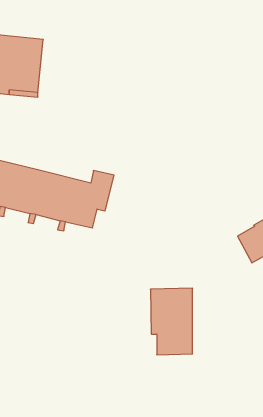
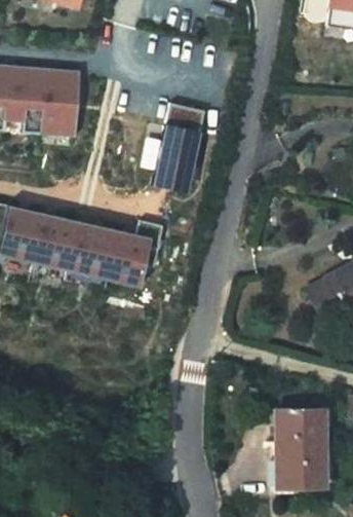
building: none -> [152,103,206,193]
building: [150,288,193,355] -> [273,412,321,488]

